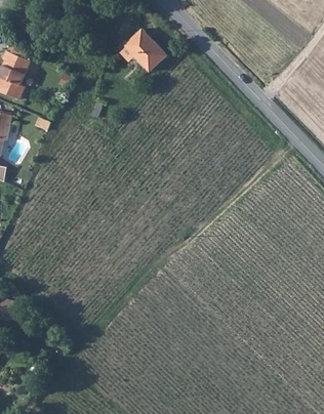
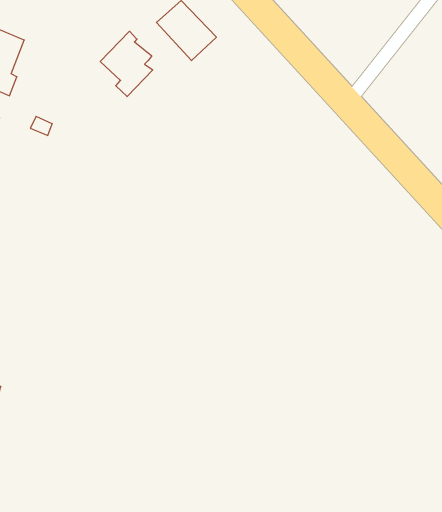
building: none -> [100,31,153,97]

